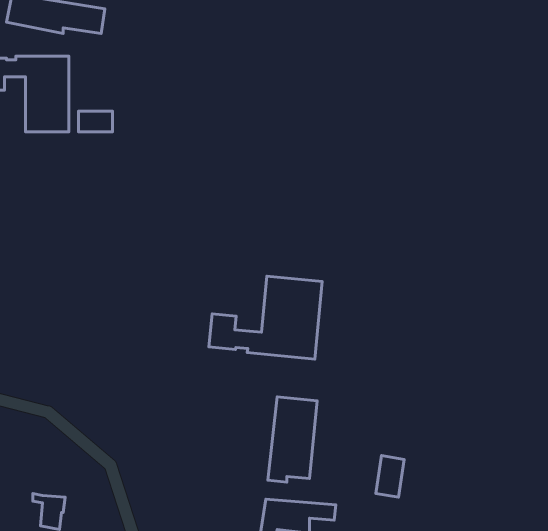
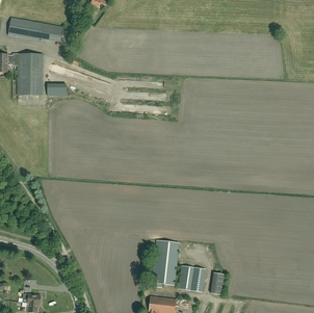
building: [209,276,322,359] -> none
building: none -> [178,264,206,291]

